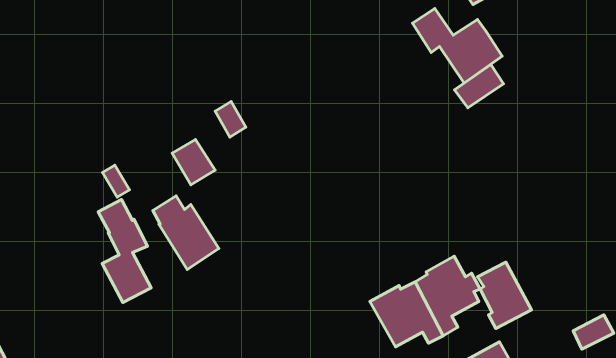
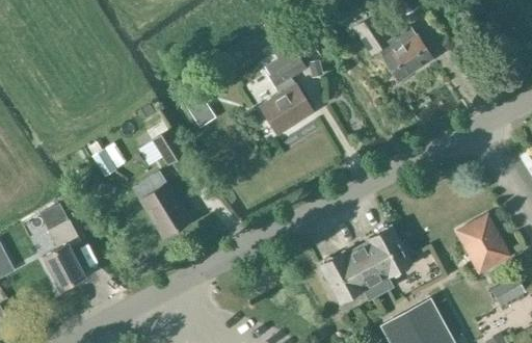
building: none -> [260,41,313,134]
building: [454,64,504,108] -> none
building: [98,200,151,303] -> [39,203,84,290]
building: [478,262,532,328] -> [463,215,509,271]

